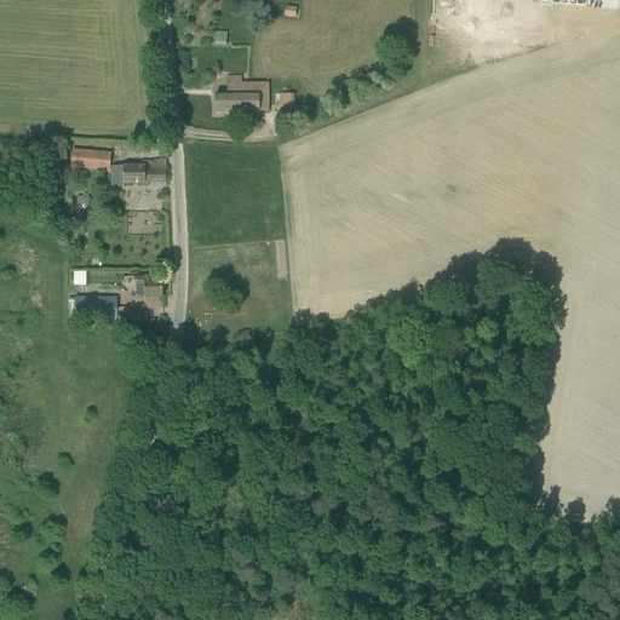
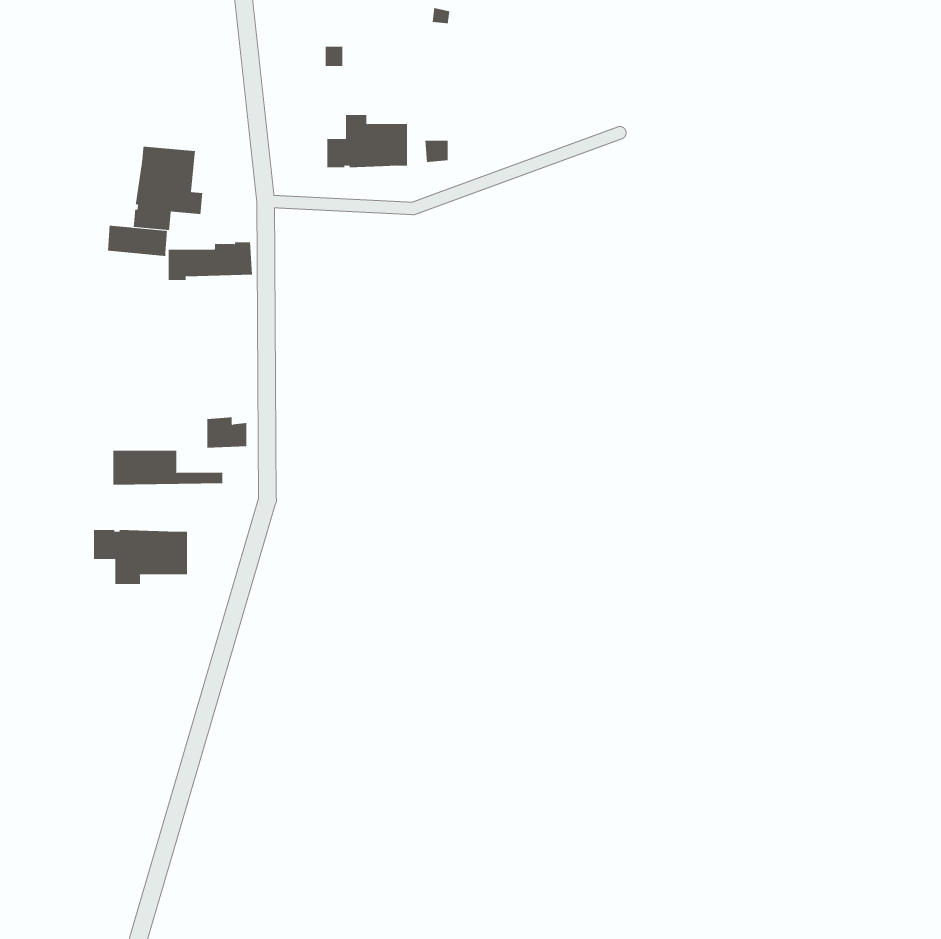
building: none -> [133,146,203,231]
building: none -> [93,529,187,585]

